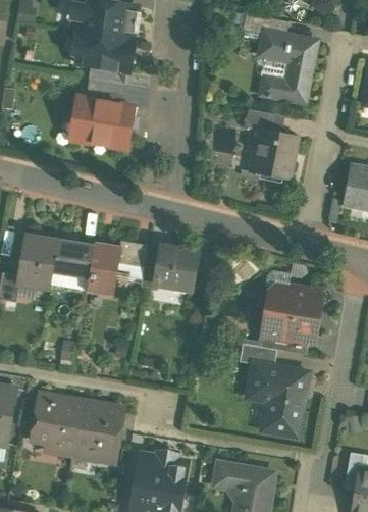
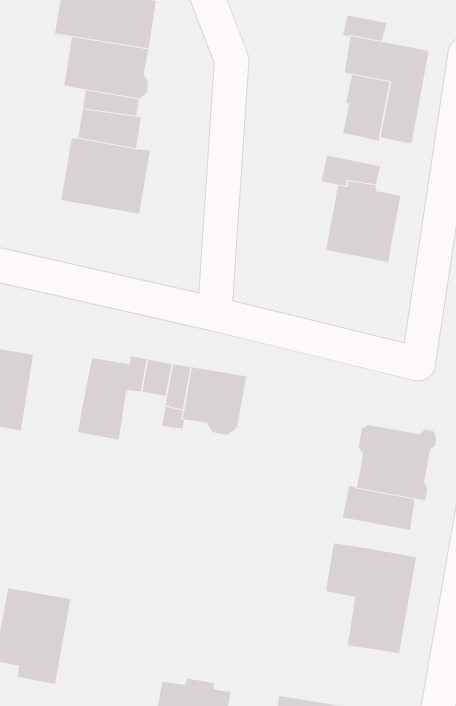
building: [52,240,94,277] -> none
building: [239,343,276,366] -> none
building: [71,400,124,463] -> none

